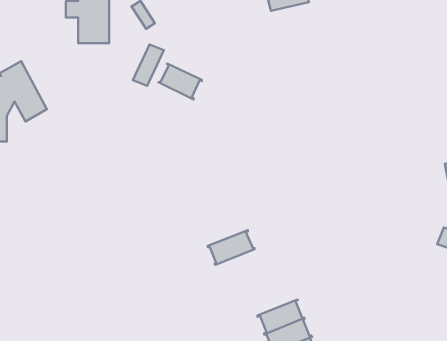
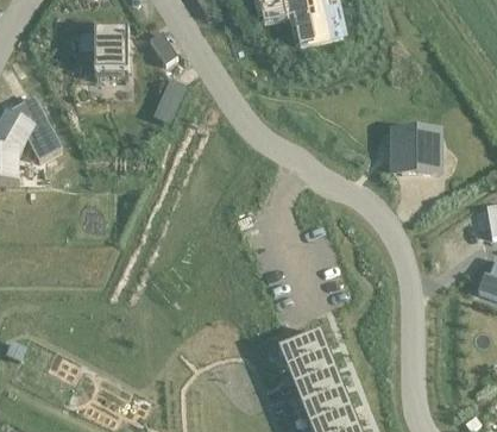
building: [159,64,202,99] -> none
building: none -> [392,130,438,170]
building: [208,230,255,265] -> [277,331,327,368]

